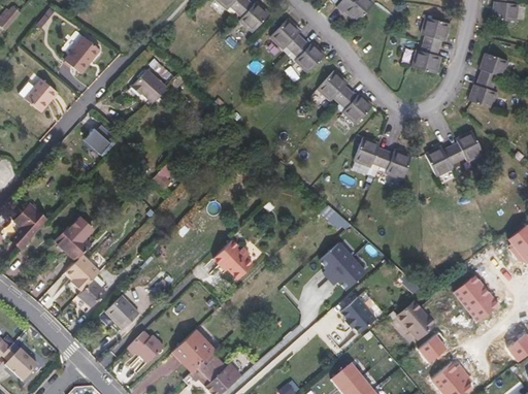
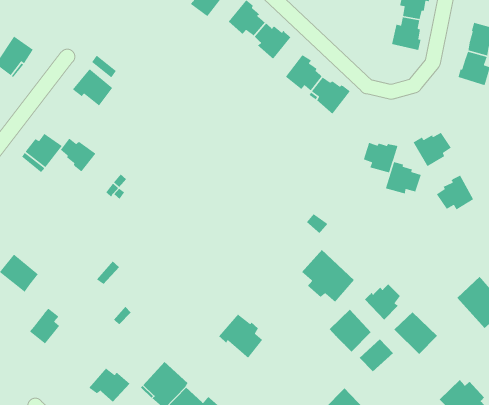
building: none -> [60,137,96,173]
building: [450,130,483,161] -> [436,175,474,210]
building: [353,136,386,166] -> [385,161,422,195]
building: [212,238,252,278] -> [218,313,263,359]
building: [66,254,100,290] -> none
building: none -> [364,283,401,320]
building: [105,294,138,328] -> none
building: [417,333,448,362] -> [359,339,394,372]

